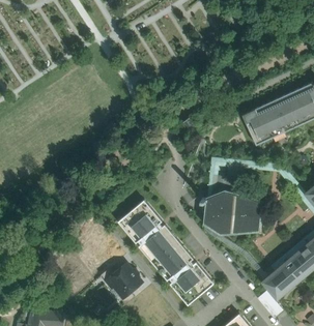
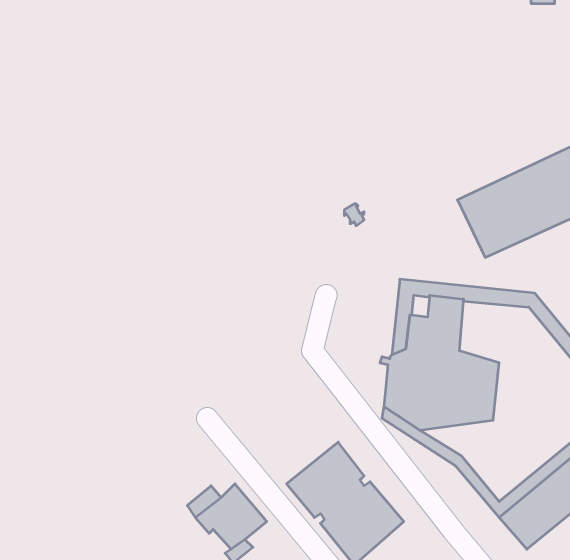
building: [119,200,180,263] -> none

